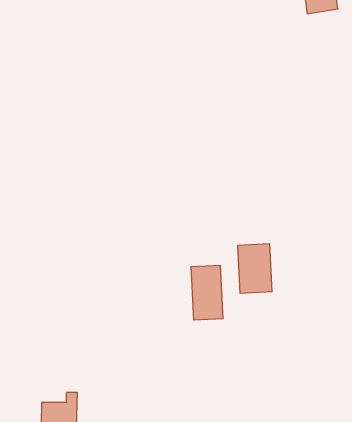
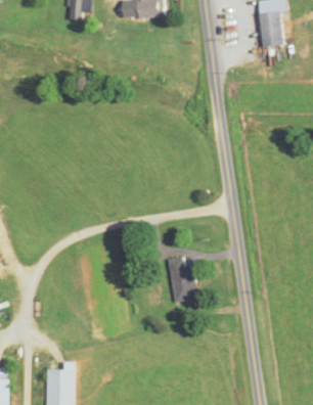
building: [238,244,272,293] -> none

